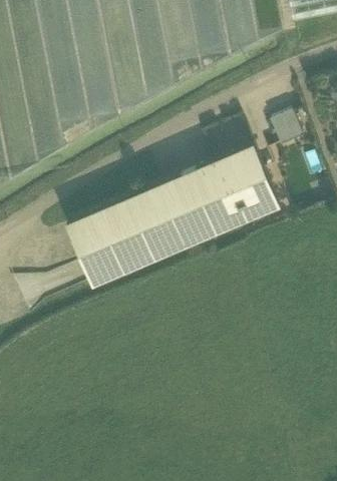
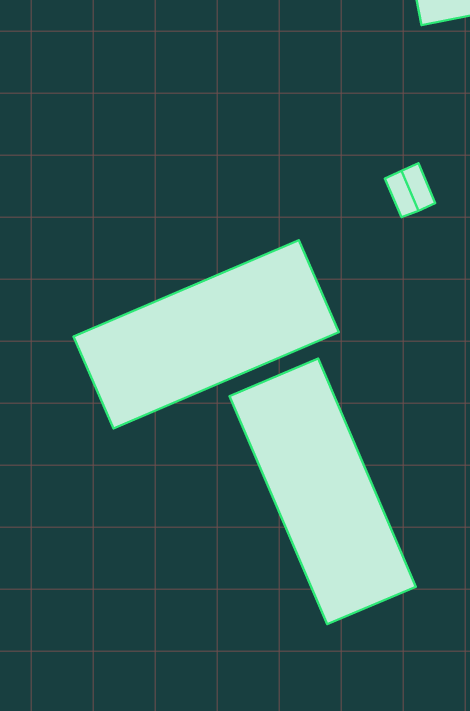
building: [215,142,280,219] -> none
building: none -> [229,359,416,624]

